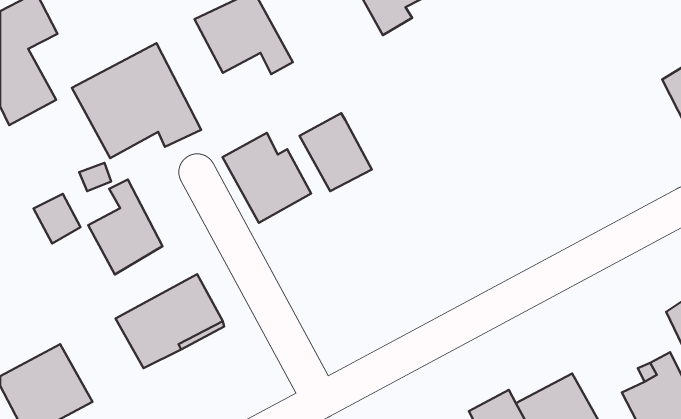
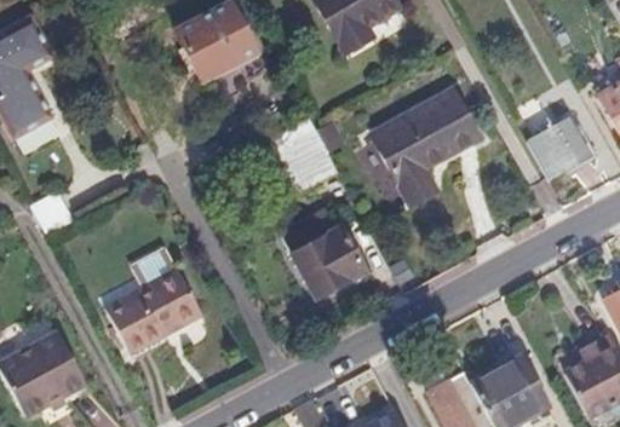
building: [72,43,201,158] -> none
building: none -> [372,90,477,200]
building: none -> [528,114,589,172]
building: [223,133,311,223] -> [283,214,363,295]
building: [88,179,163,275] -> none

